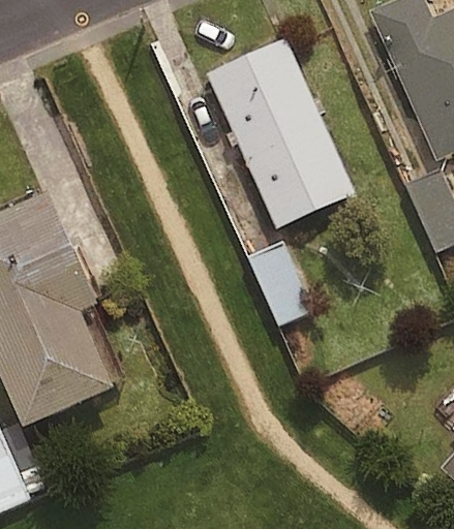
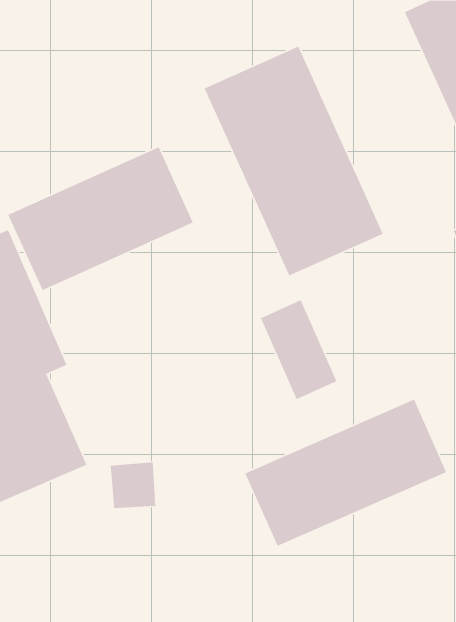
building: none -> [7,146,194,291]
building: none -> [244,399,447,547]

